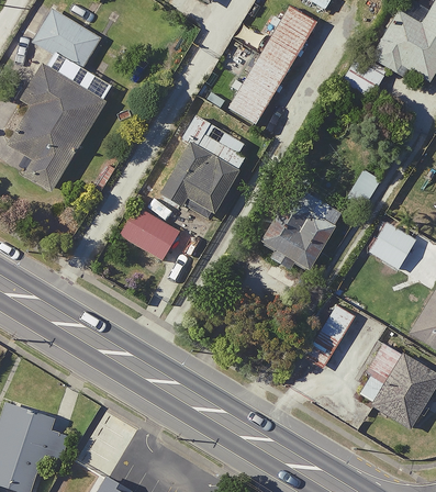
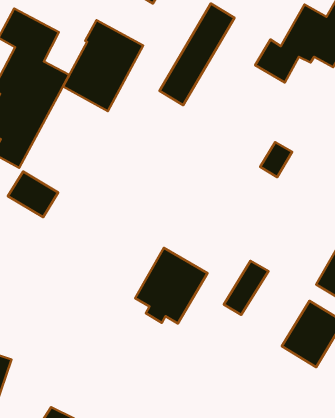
building: [156,114,248,220] -> [63,20,143,111]
building: [257,181,340,269] -> [135,248,207,324]
building: [119,205,177,258] -> [8,172,58,217]
building: [367,220,415,269] -> none

